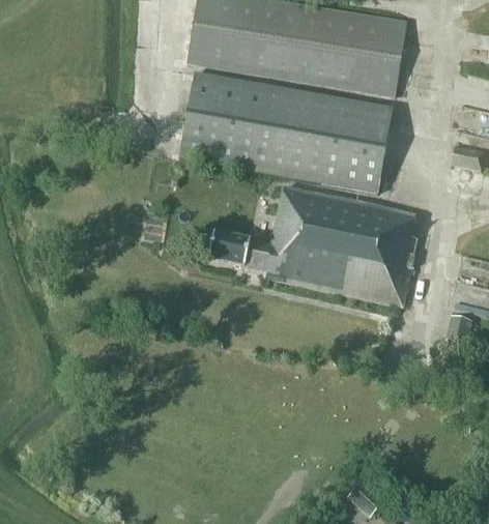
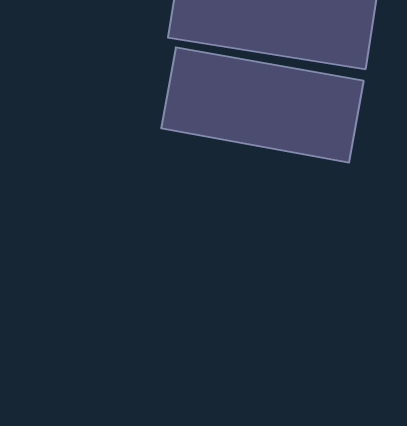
building: [207,185,416,316] -> none

